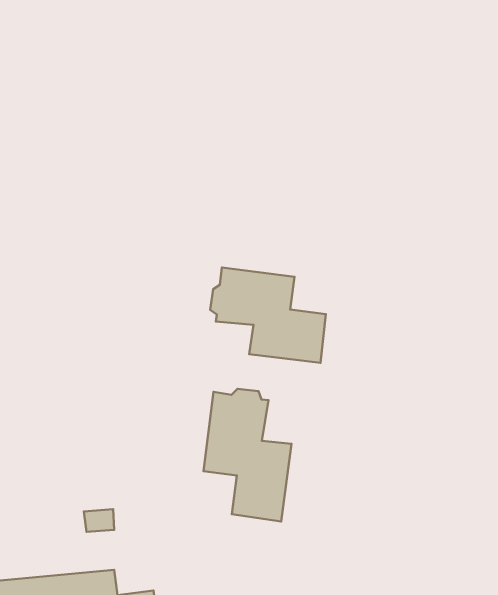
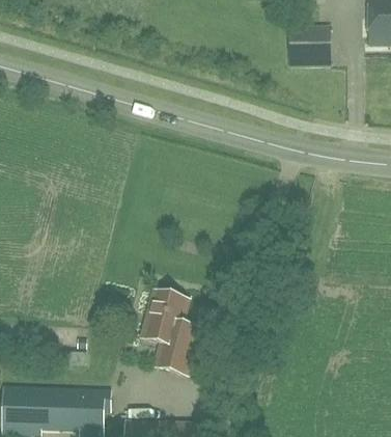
building: [210,267,326,363] -> none

